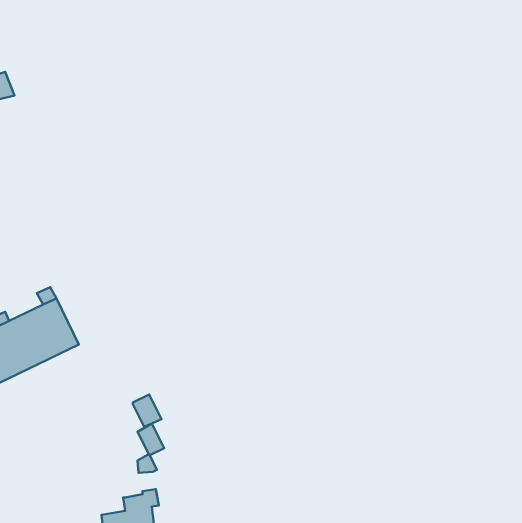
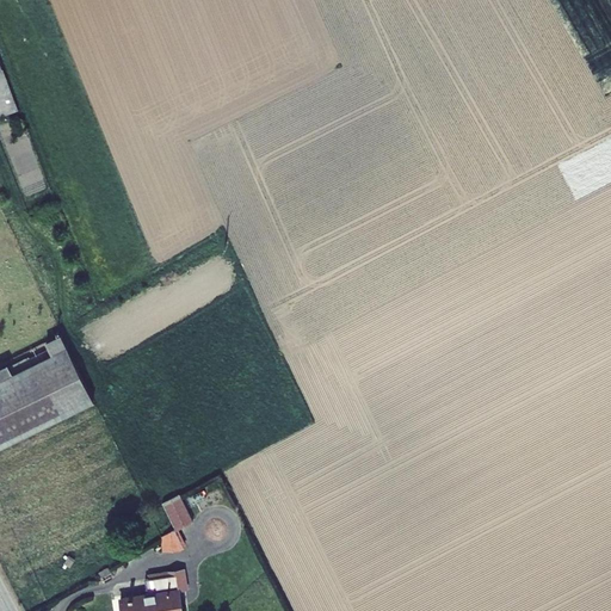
building: [133,394,161,427] -> none

